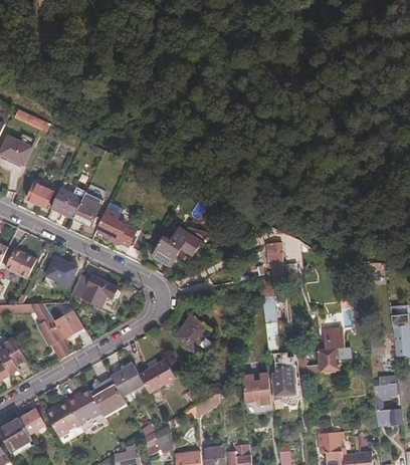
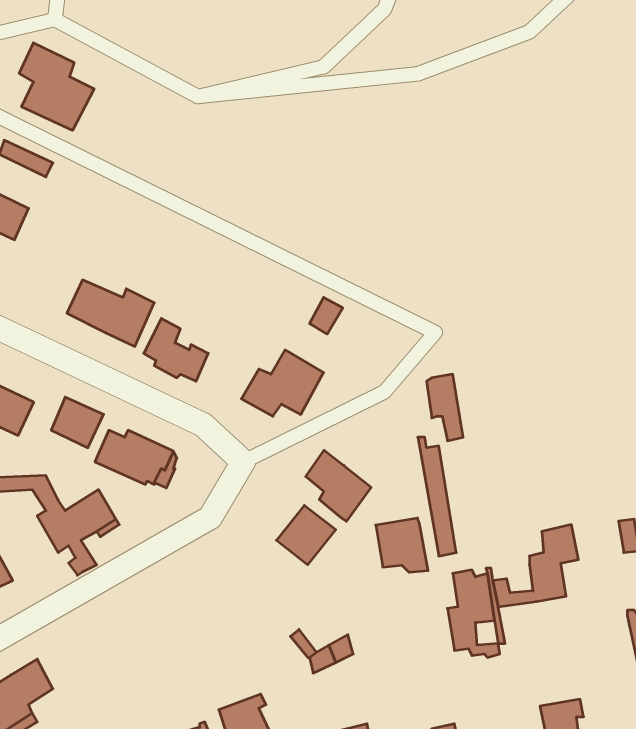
building: none -> [19,43,94,130]
building: [25,181,53,207] -> none
building: none -> [306,450,371,521]
building: [45,361,174,434] -> none
building: [241,378,271,409] -> [376,518,428,572]

